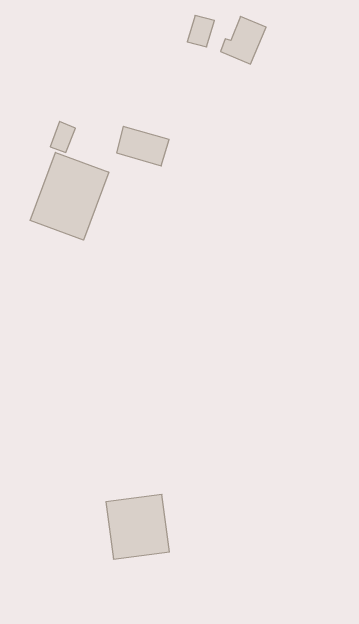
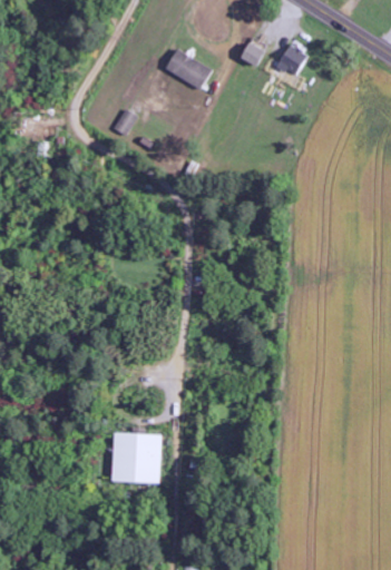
building: [117,126,169,166] -> [164,50,209,88]
building: [30,152,109,240] -> none

